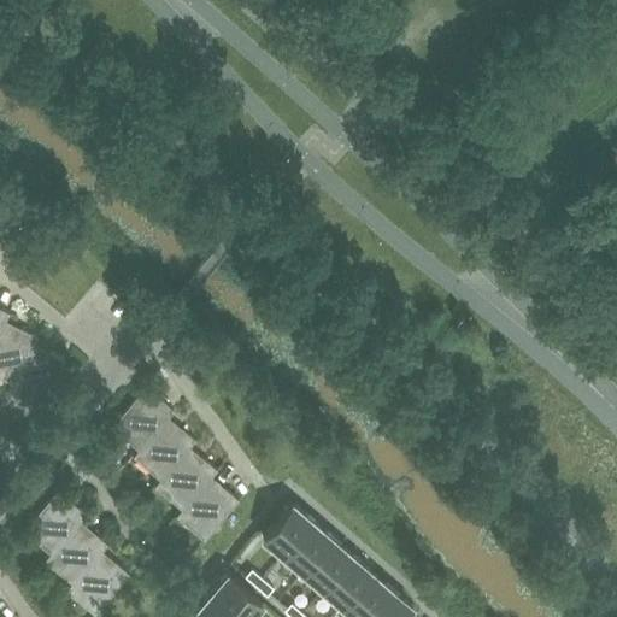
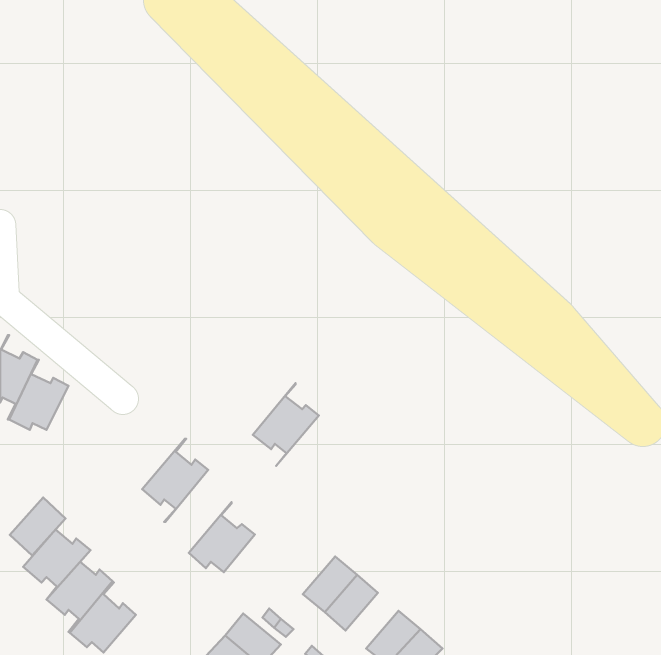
building: [111,396,172,462] -> none
building: [154,443,216,521] -> [253,383,319,466]
building: none -> [10,498,65,556]
building: [262,506,312,559] -> none
building: [322,558,371,610] -> none

